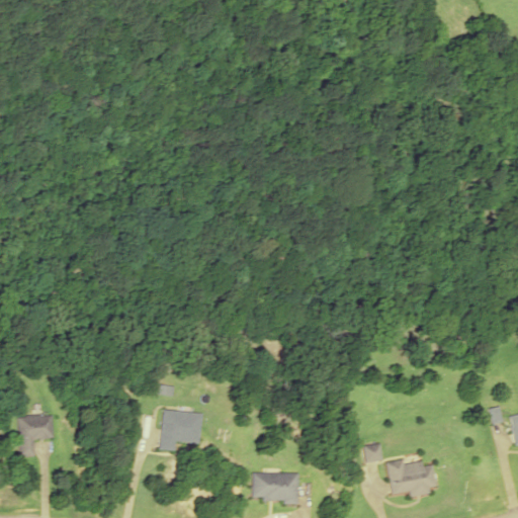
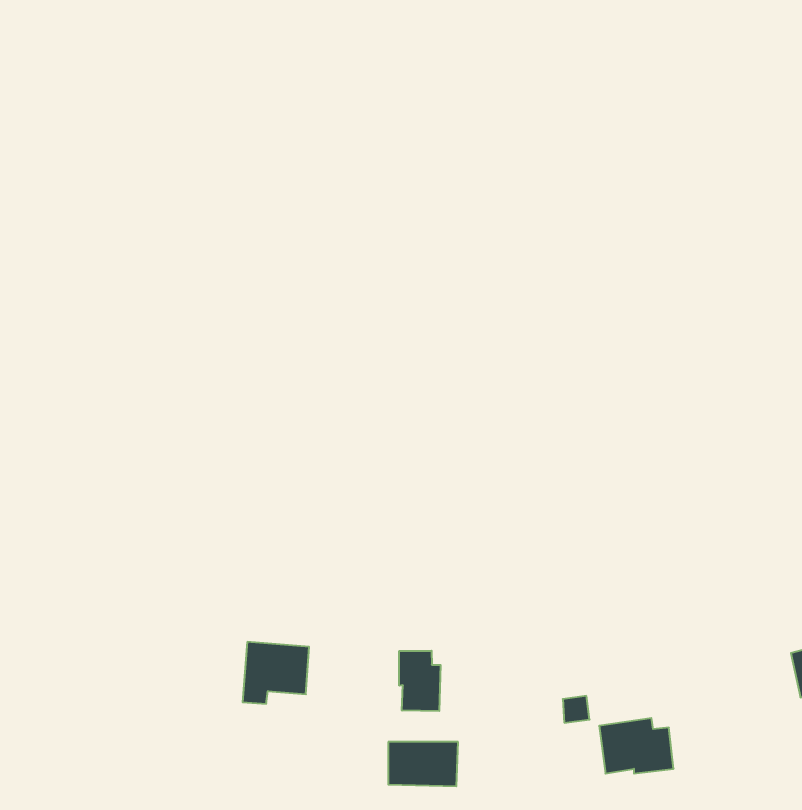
building: [17,415,53,456] -> none
building: none -> [399,651,441,711]

